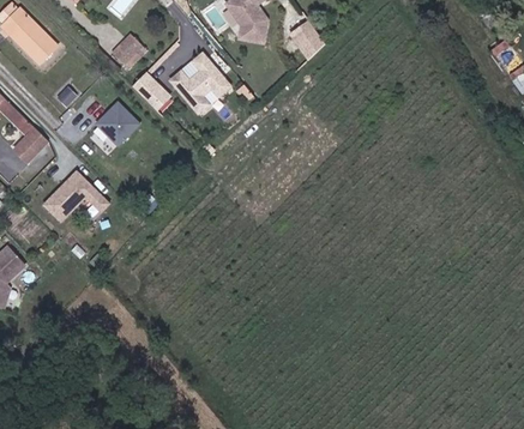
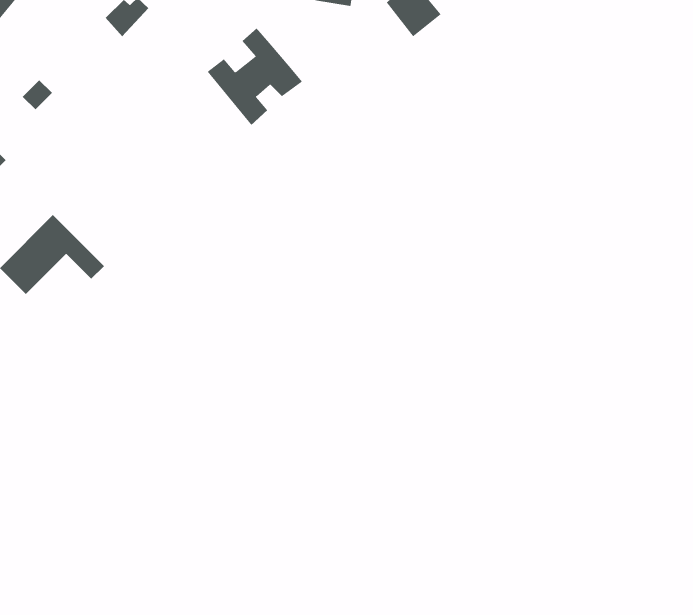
building: [135,73,173,110] -> none
building: [97,103,140,145] -> none

